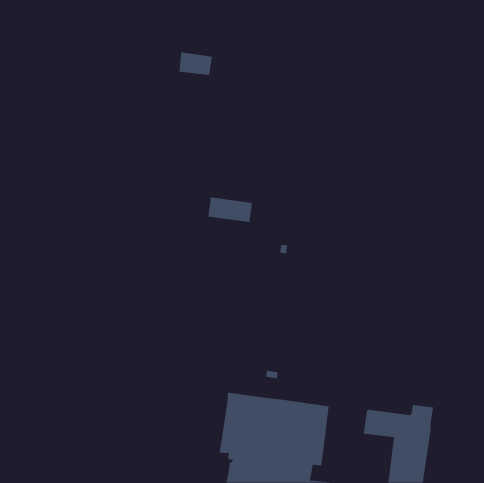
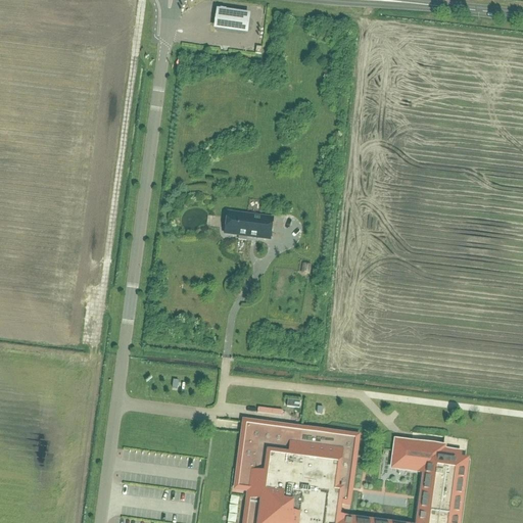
building: [179,52,213,75] -> [213,4,250,30]

